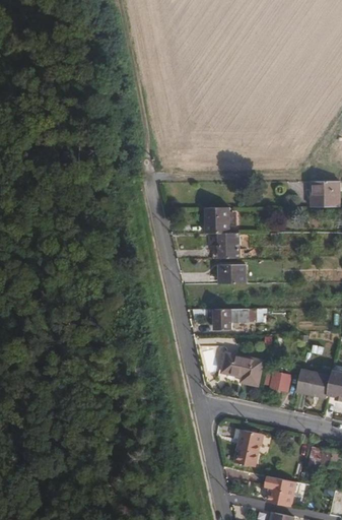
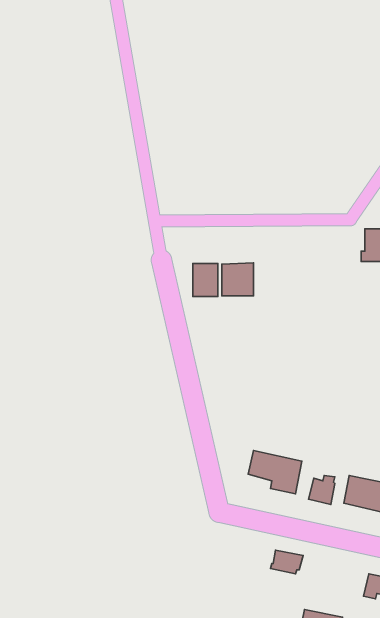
building: [217,232,236,257] -> [193,264,218,296]
building: [215,263,242,282] -> none
building: [216,308,255,328] -> none
building: [234,443,258,465] -> none

